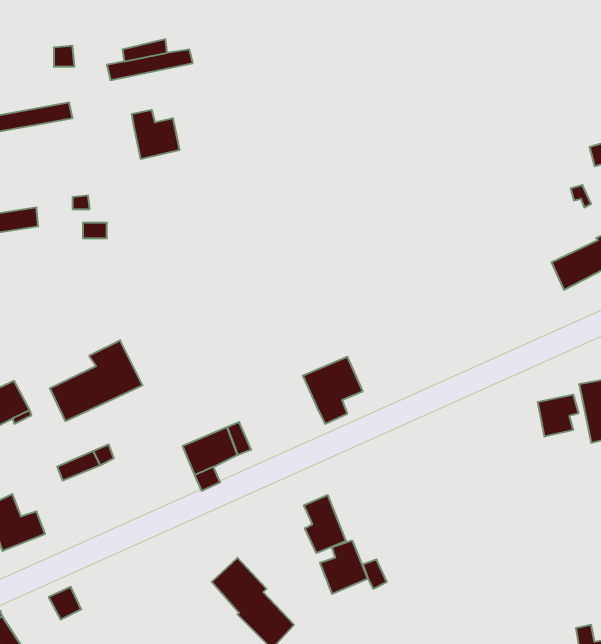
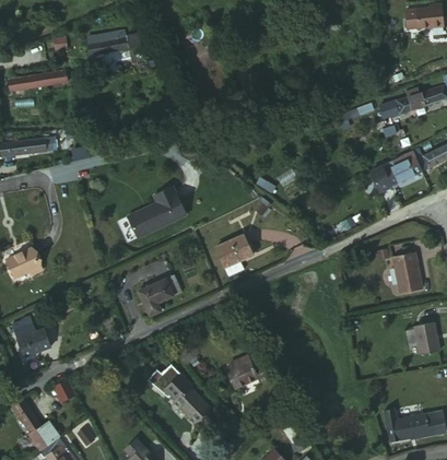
building: [132,110,179,159] -> none
building: [50,340,143,421] -> [129,182,188,234]
building: [538,395,578,437] -> none
building: [304,495,346,553] -> none

